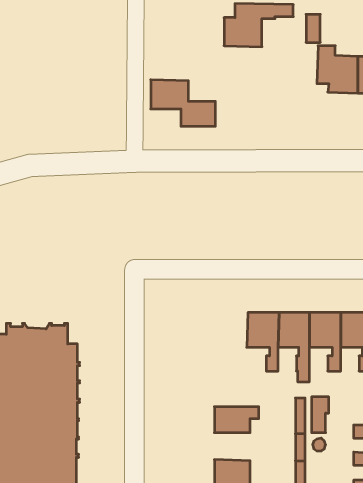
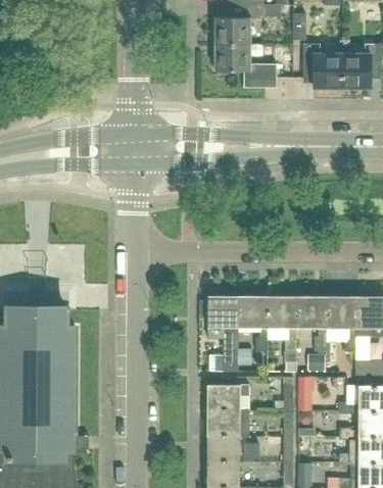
building: [151,80,215,126] -> [216,44,277,88]
building: none -> [206,296,238,371]
building: none -> [206,409,248,436]

